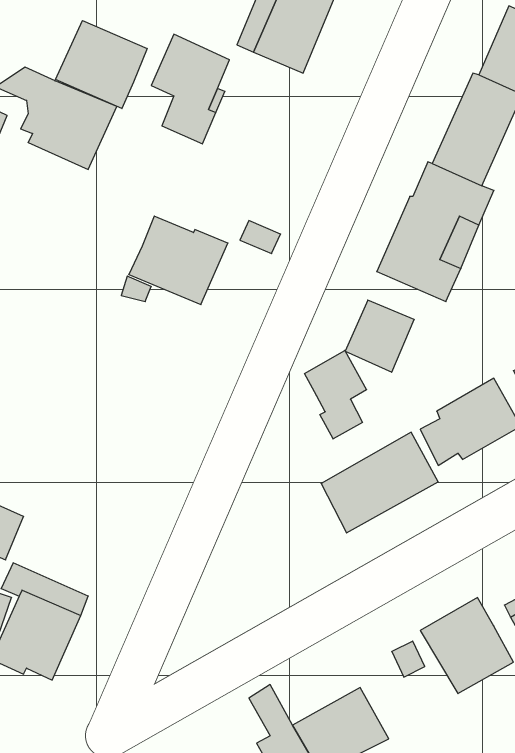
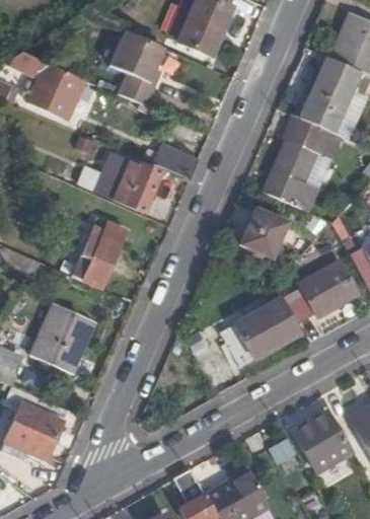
building: [55,21,147,109] -> none
building: none -> [70,217,125,288]
building: [305,350,367,439] -> none
building: none -> [31,304,93,372]

